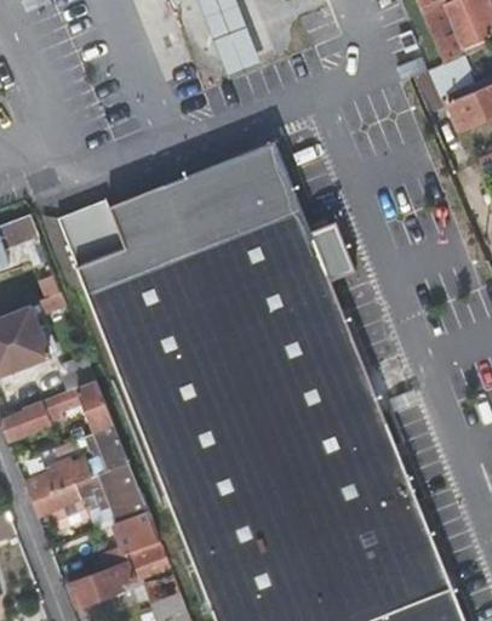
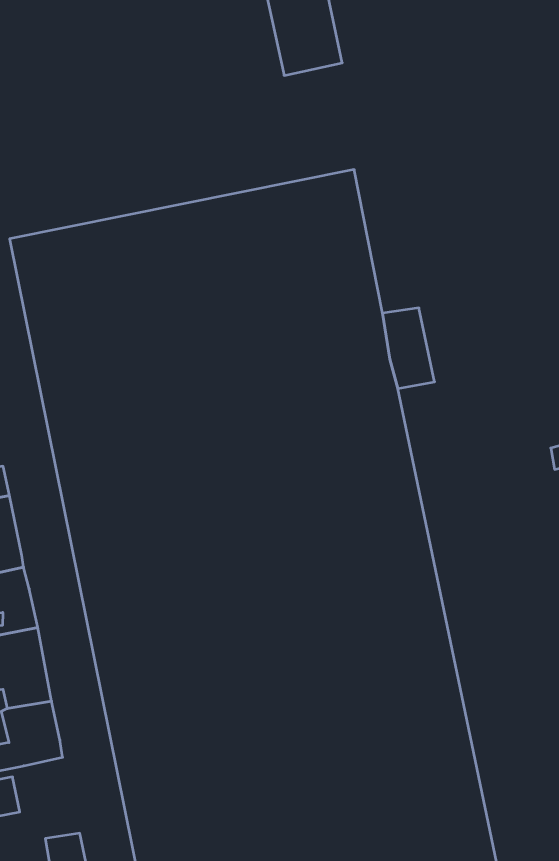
building: [130,546,173,600] -> none

